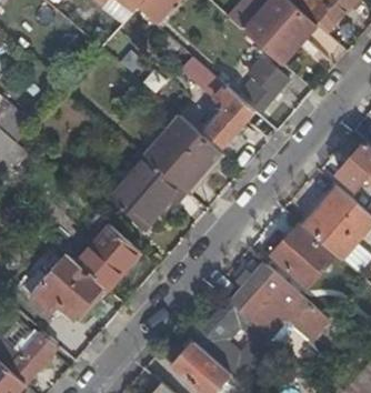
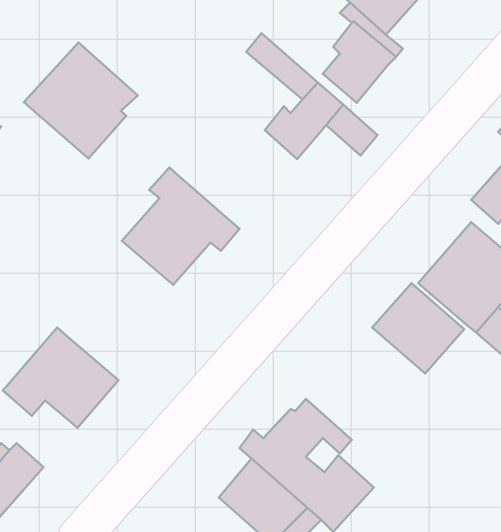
building: [143,115,218,191] -> [24,43,138,158]
building: [76,213,140,290] -> none
building: [229,263,330,344] -> none

